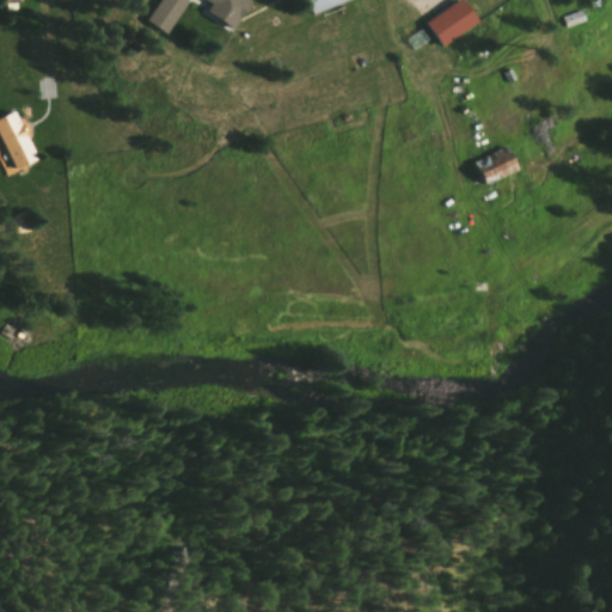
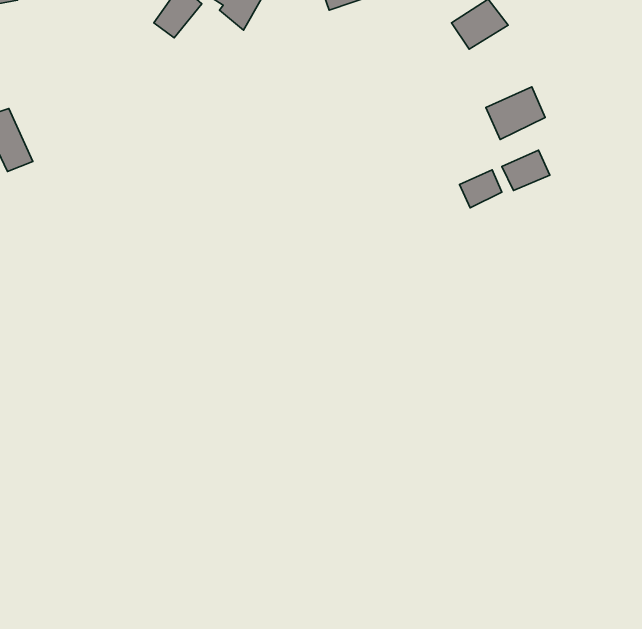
building: none -> [486,87,545,139]
building: none -> [460,170,502,208]

